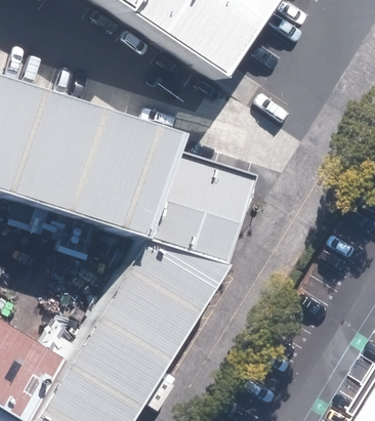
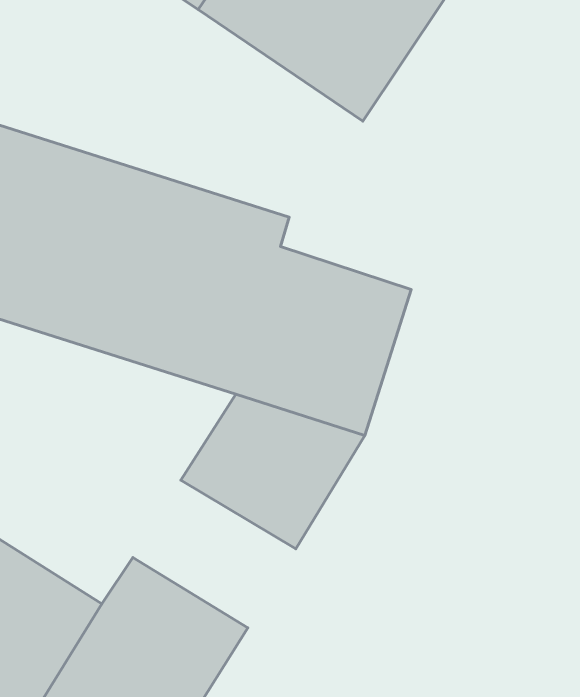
building: [88,288,185,376] -> none

